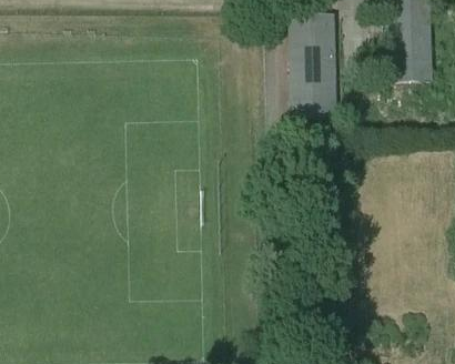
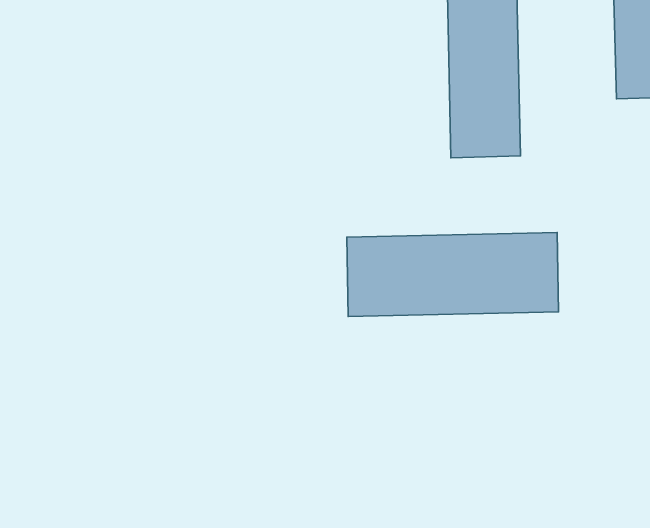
building: none -> [347,233,558,316]

